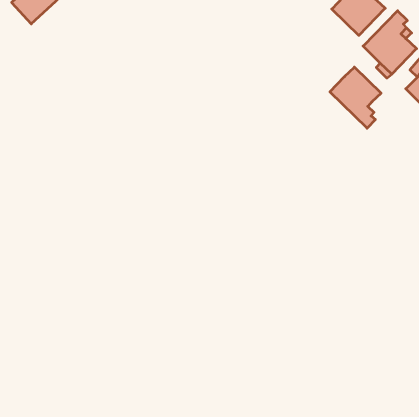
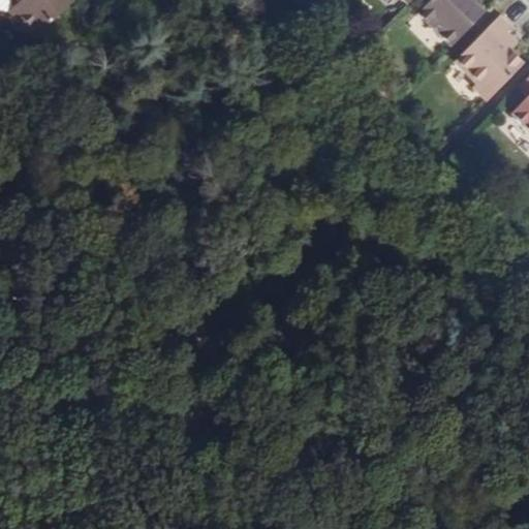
building: [330,67,381,128] -> none

